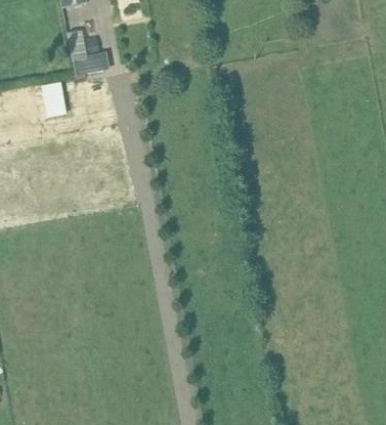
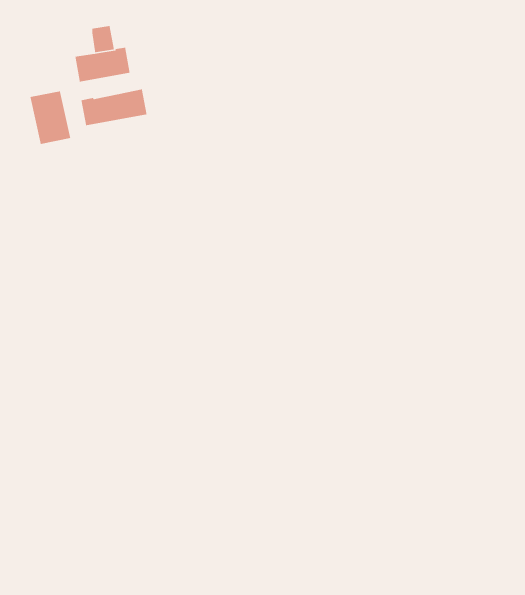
building: none -> [81,89,148,126]

